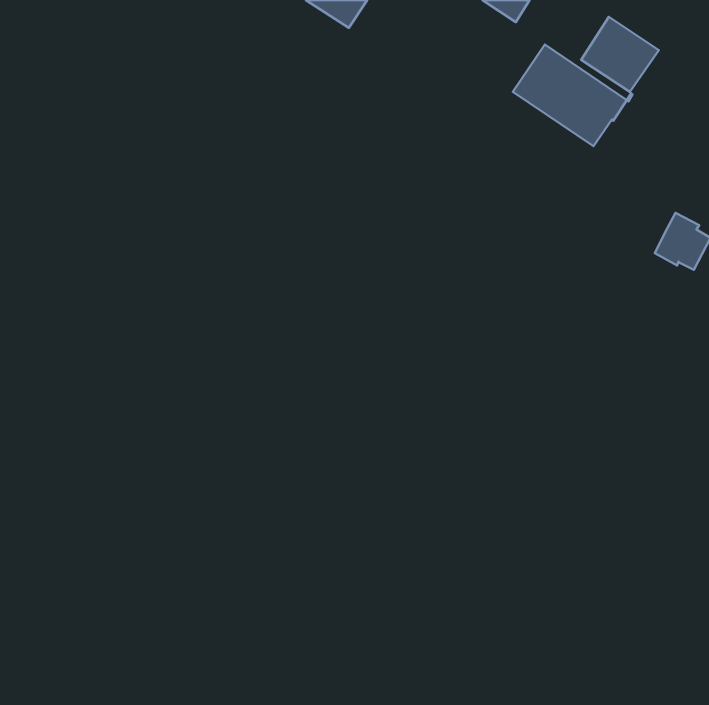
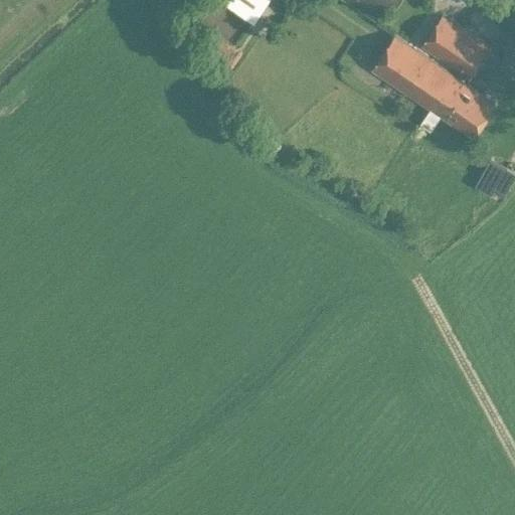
building: none -> [419,40,495,137]

